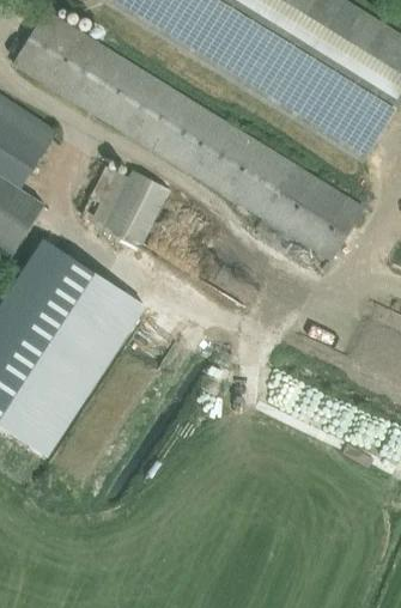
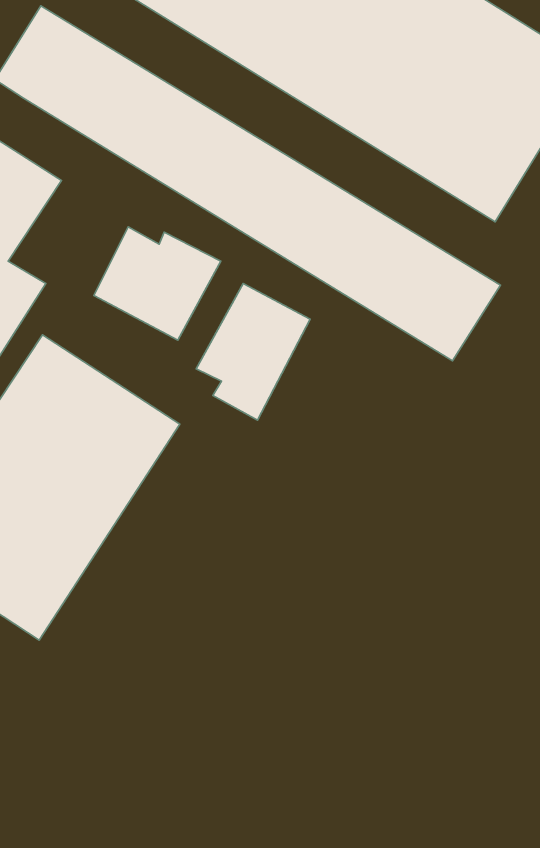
building: none -> [196,284,310,420]

